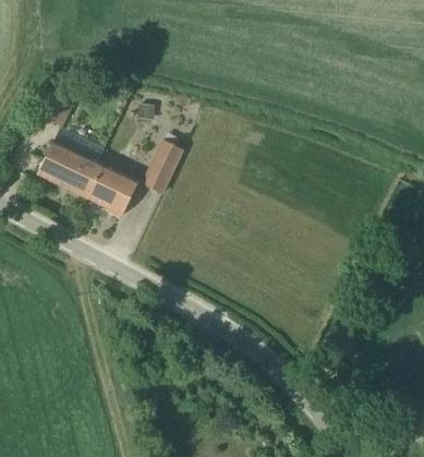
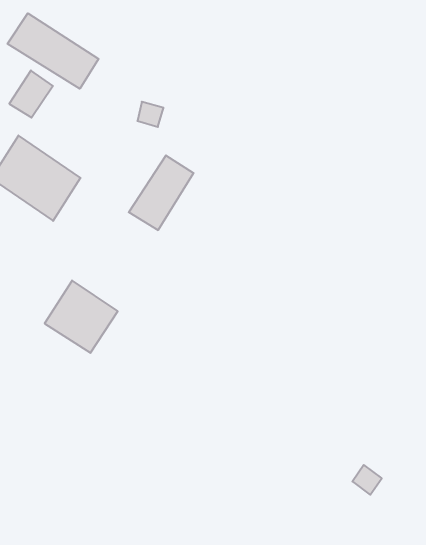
building: none -> [8,13,99,89]
building: [87,165,138,215] -> [45,280,118,353]

